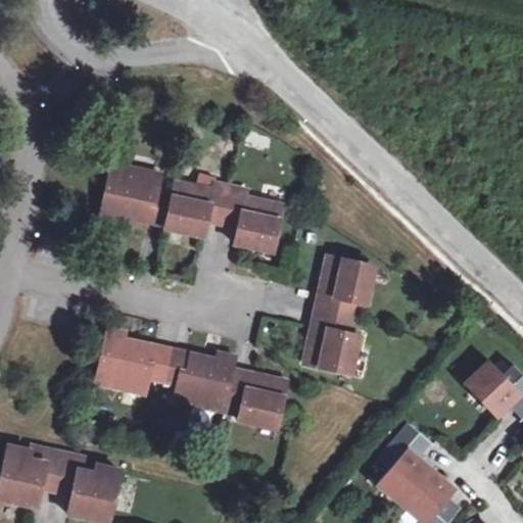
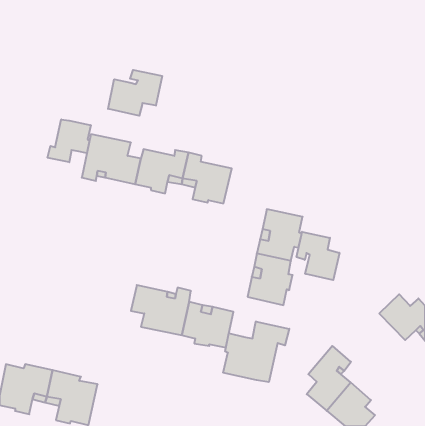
building: none -> [108,70,162,116]
building: none -> [48,119,91,162]
building: none -> [297,232,339,280]
building: [94,328,168,394] -> none
building: none -> [223,321,289,382]

